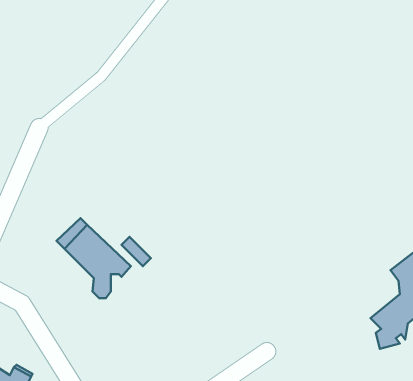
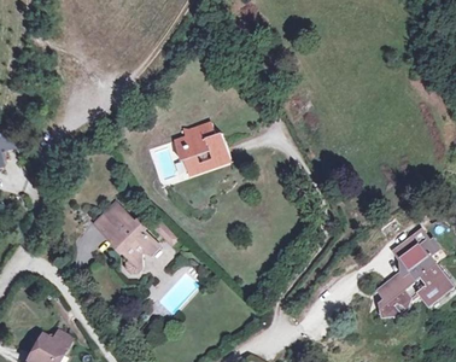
building: none -> [170,121,227,170]

